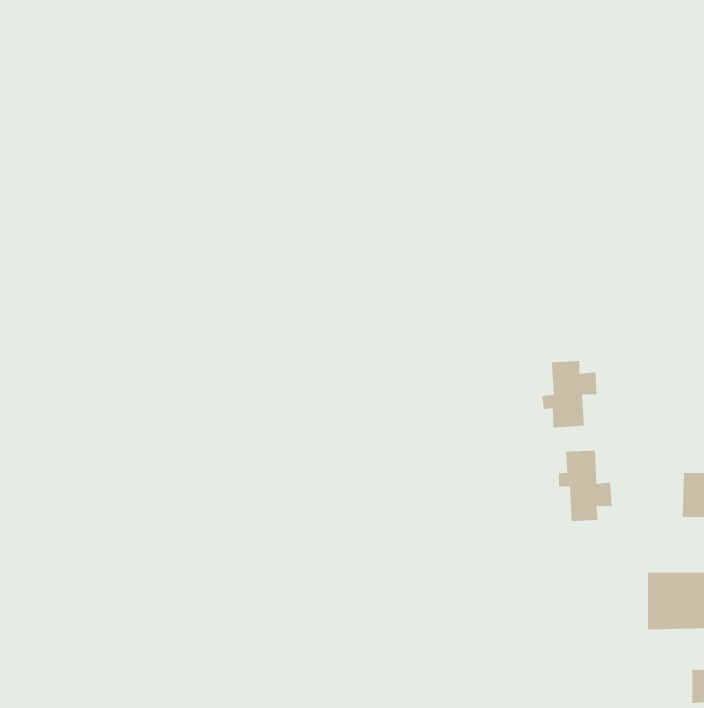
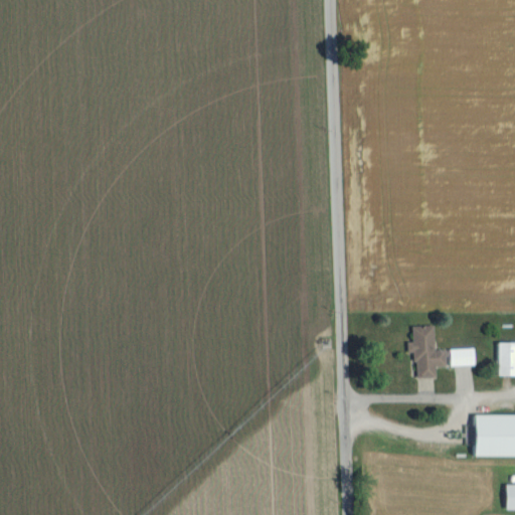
building: [541,360,597,428] -> none
building: none -> [450,348,477,366]

